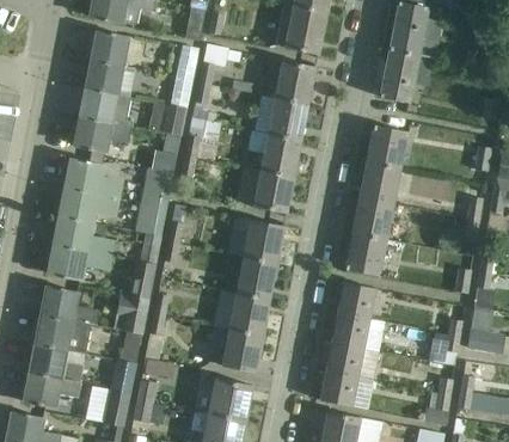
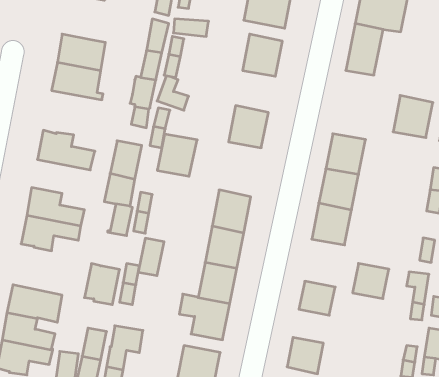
building: [90,31,127,66] -> none
building: [266,97,307,140] -> none
building: [73,117,130,153] -> none
building: [366,124,406,167] -> [393,95,433,138]
building: [252,170,293,213] -> [157,134,197,176]
building: [59,188,118,222] -> none
building: [129,262,155,300] -> [138,238,164,276]
building: [337,282,374,318] -> [353,263,389,299]
building: [39,286,98,326] -> none
building: [325,340,362,375] -> none

